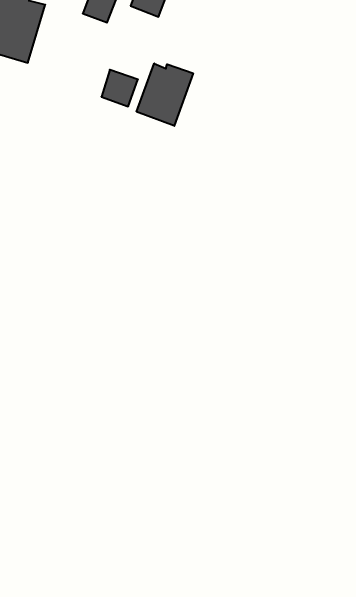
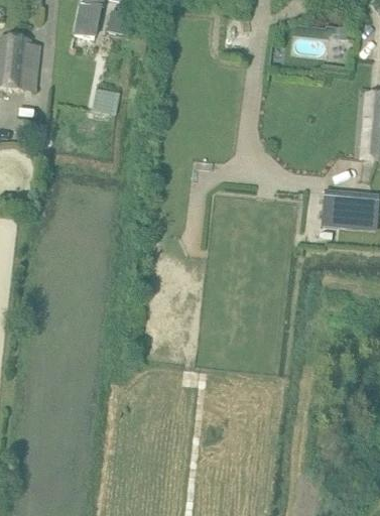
building: [137,63,193,126] -> none

